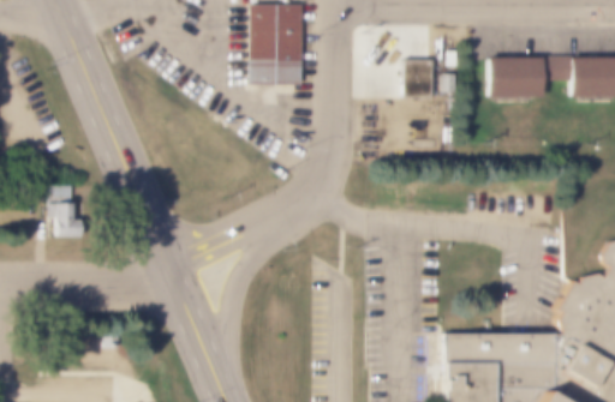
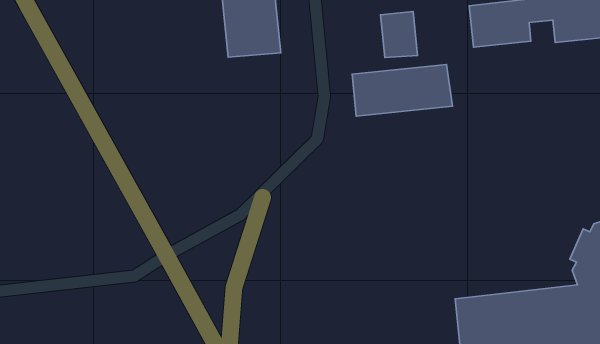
building: none -> [352,65,452,116]
building: [50,185,79,235] -> none

